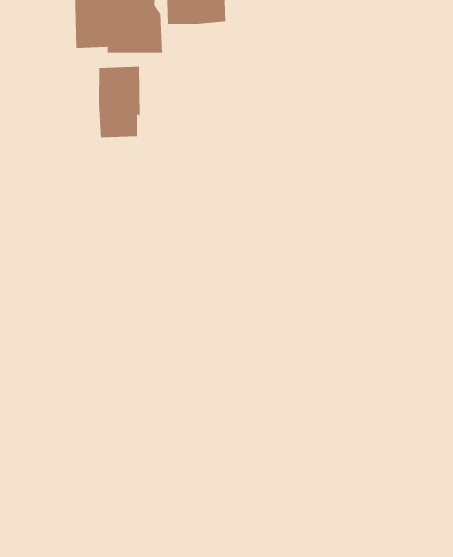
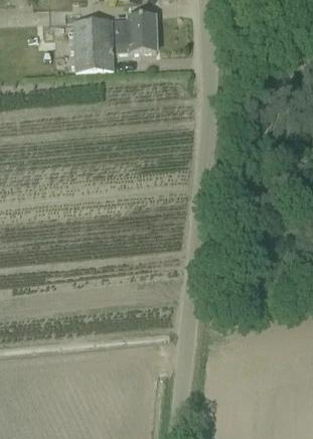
building: [99,66,140,138] -> none

